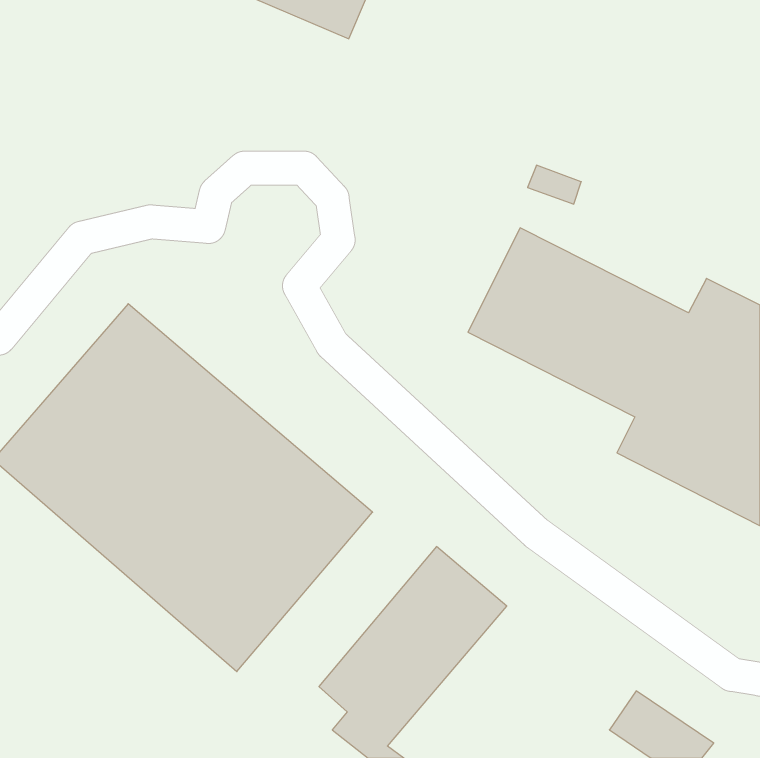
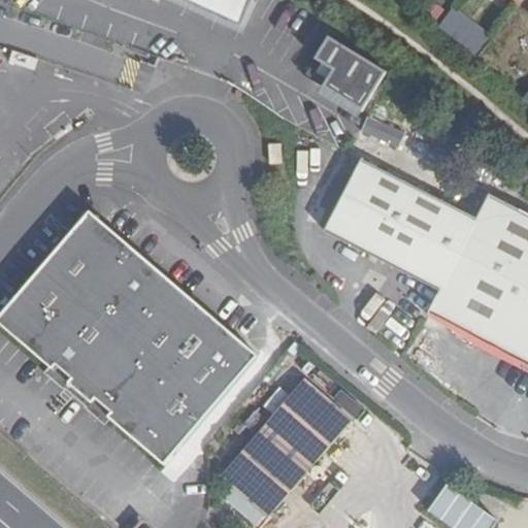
building: none -> [441,4,494,51]
building: none -> [316,40,385,109]

